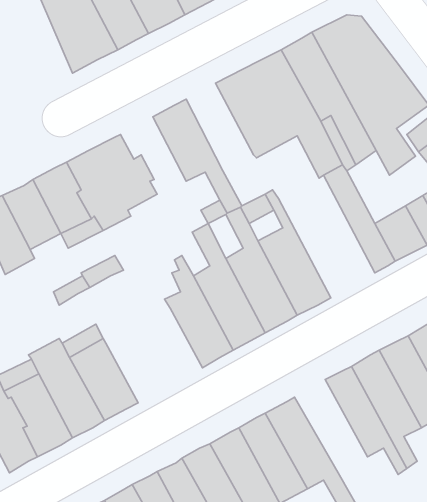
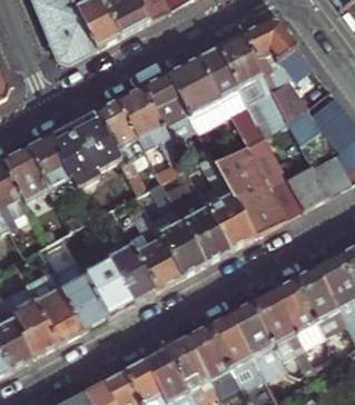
building: none -> [144,73,195,140]
building: none -> [93,99,151,191]
building: none -> [214,144,287,237]
building: none -> [82,245,156,317]
building: none -> [226,299,282,371]

